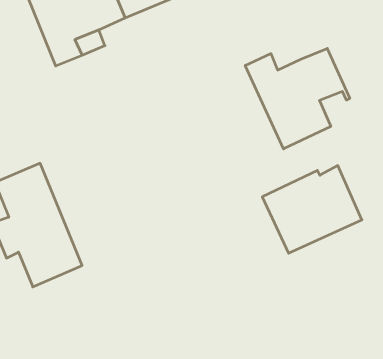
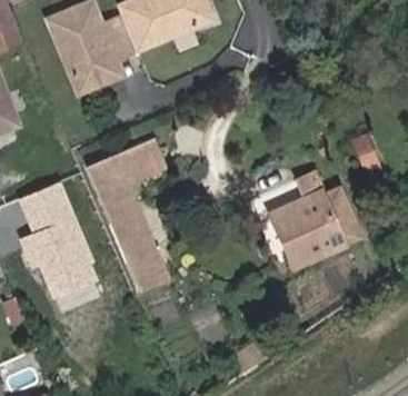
building: [245,48,350,149] -> none
building: none -> [88,142,175,297]

